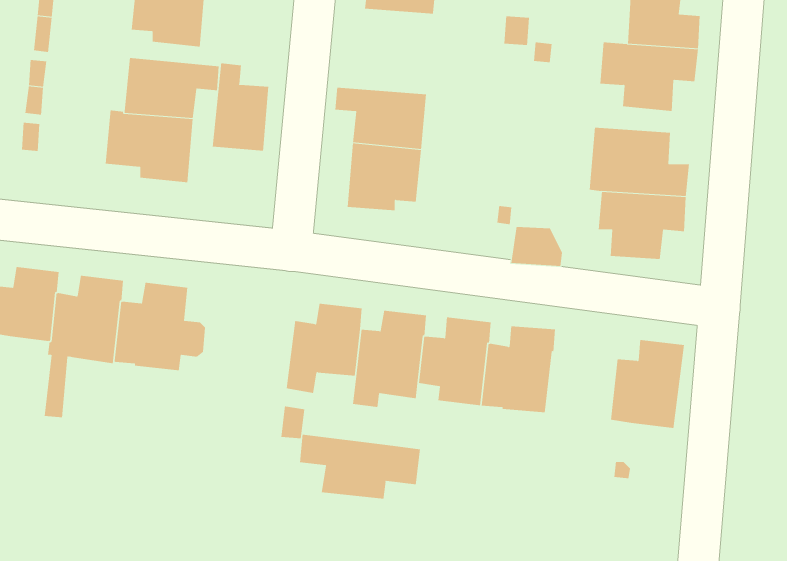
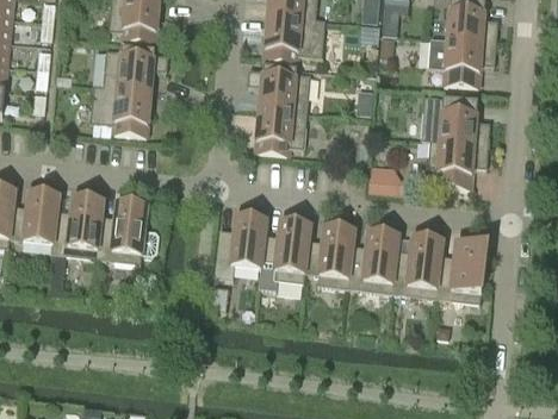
building: none -> [264,14,326,61]
building: [212,63,269,152] -> none
building: none -> [391,236,442,296]
building: [300,434,421,500] -> none

